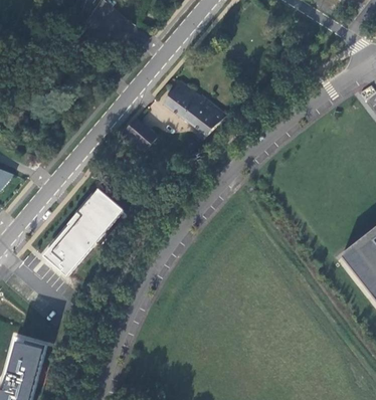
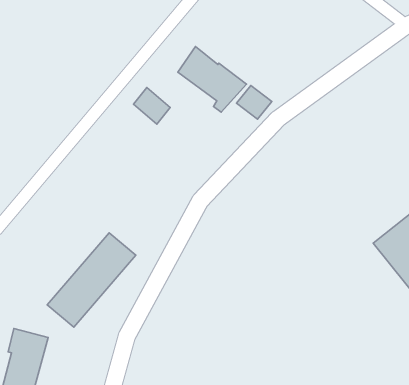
building: none -> [236,85,272,119]
building: [42,188,123,273] -> [47,233,136,327]

